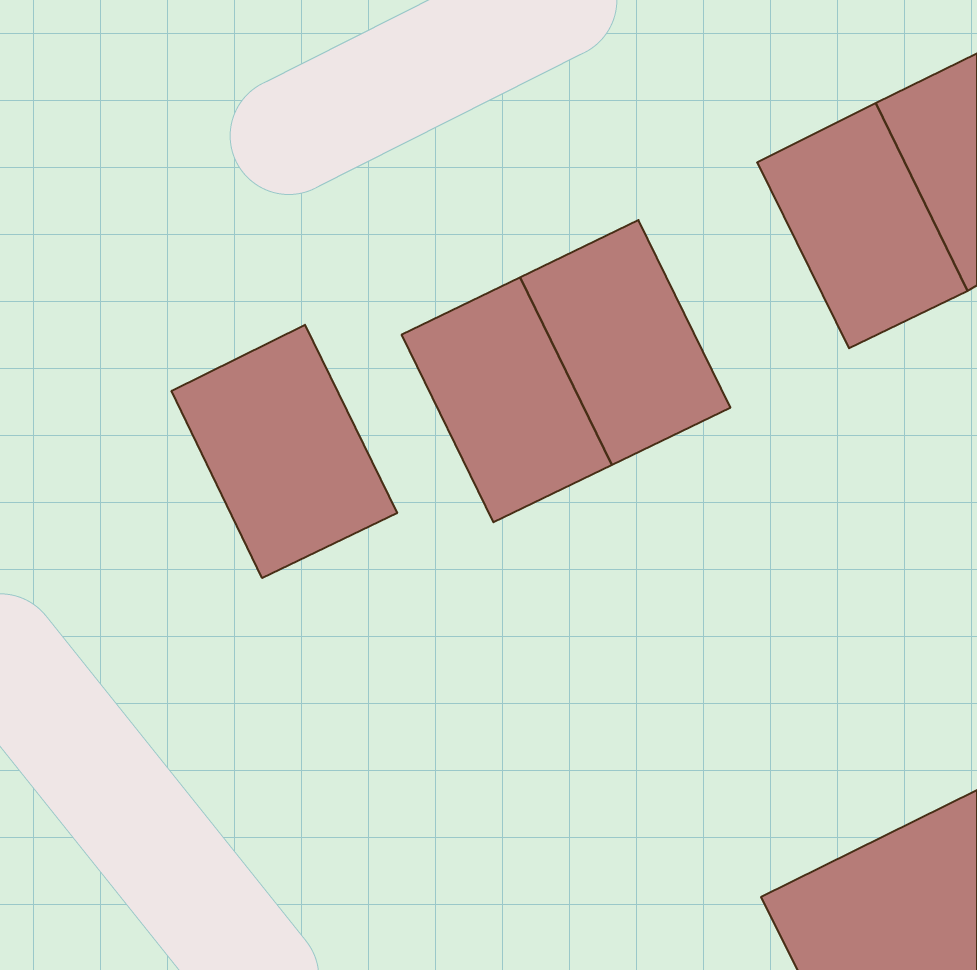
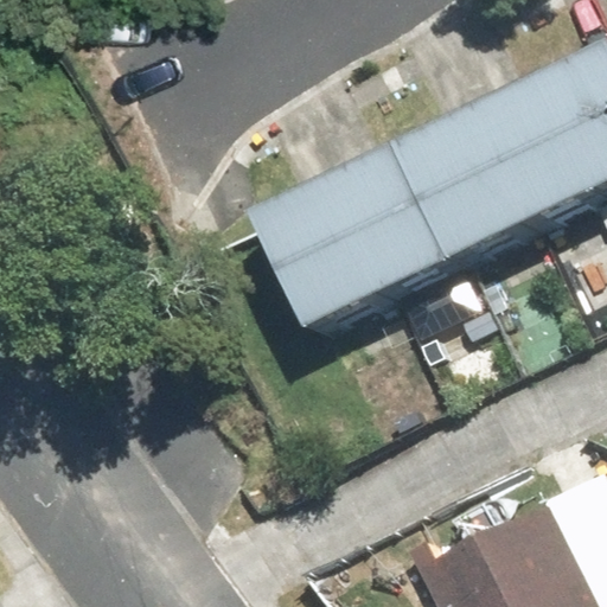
building: none -> [396,106,526,257]
building: [172,325,397,578] -> none

